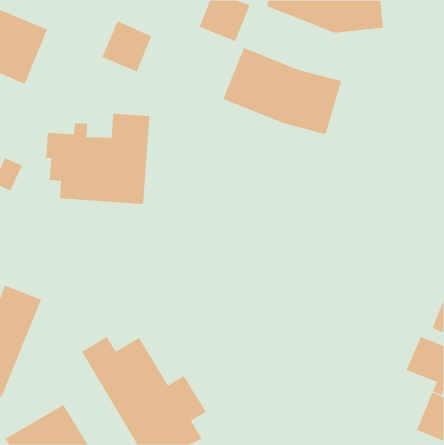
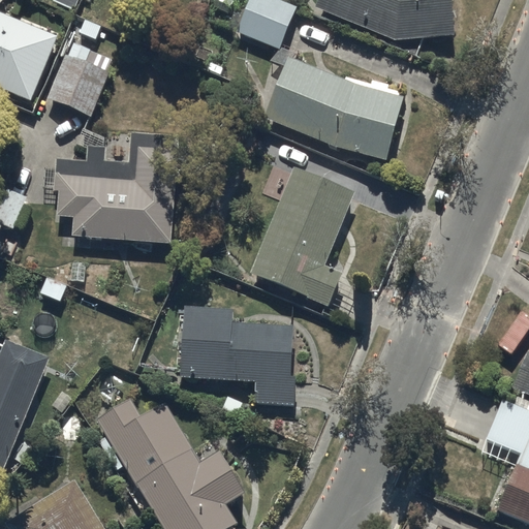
building: [102,21,152,72] -> [46,54,106,115]
building: none -> [249,165,354,306]
building: none -> [179,307,297,405]

